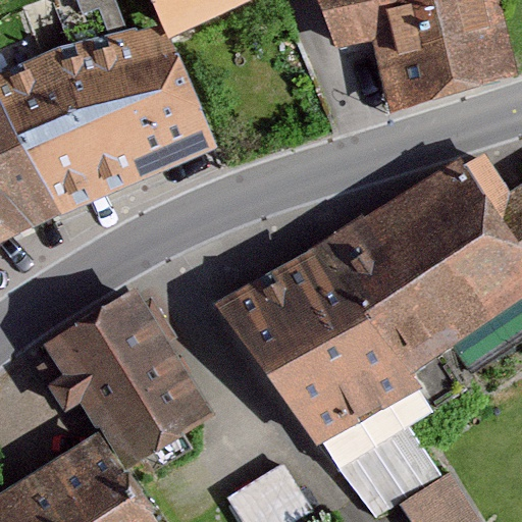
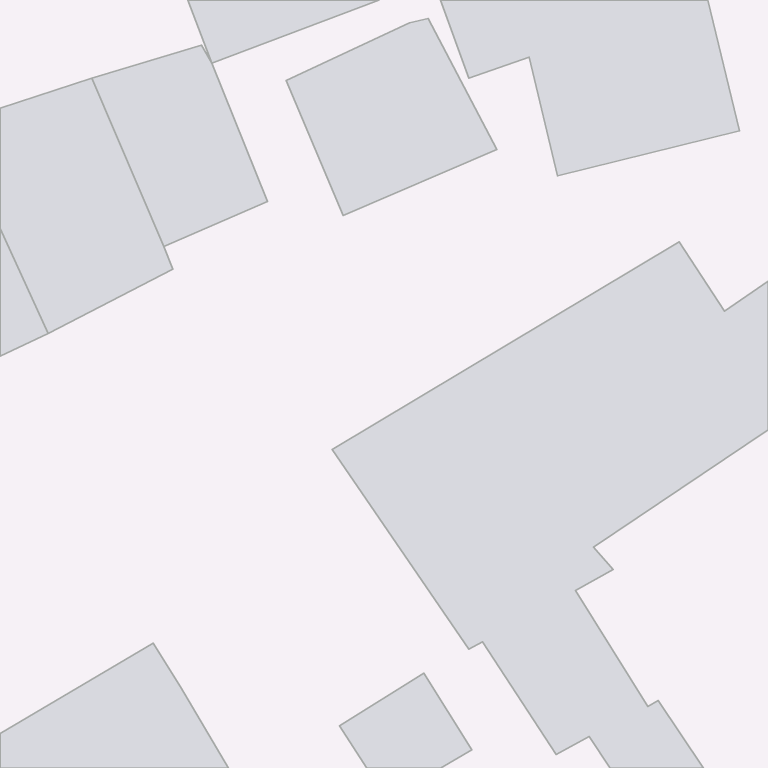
building: none -> [286,19,497,215]
building: [51,295,209,466] -> none

